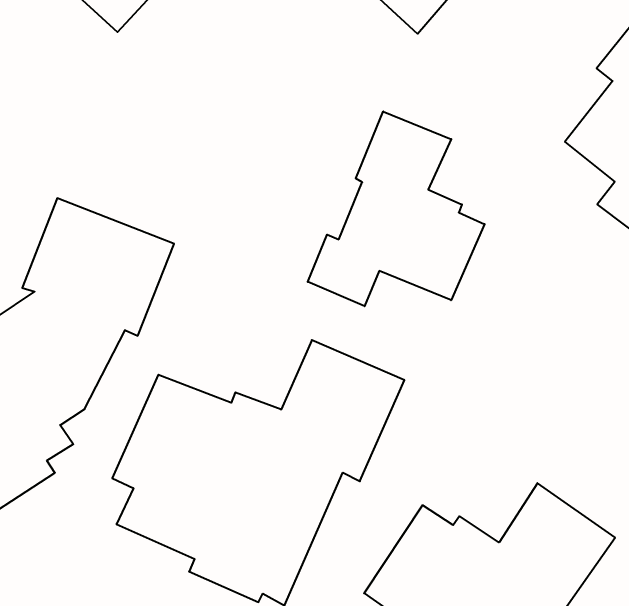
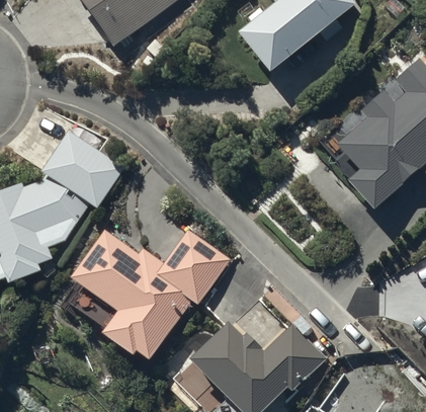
building: [308,111,485,306] -> none

